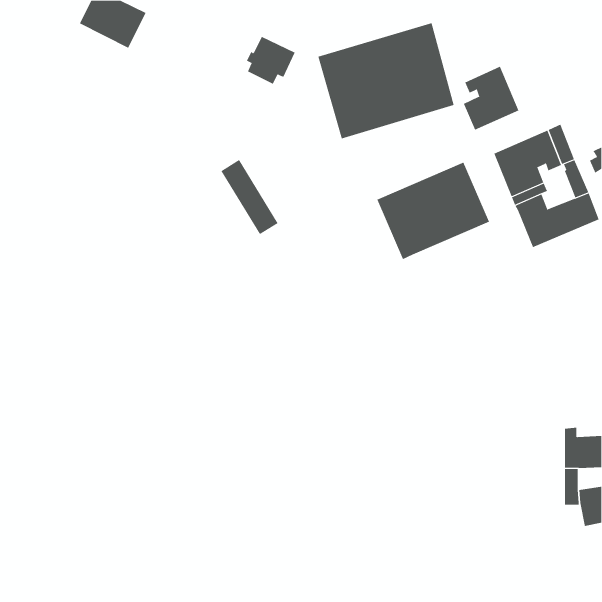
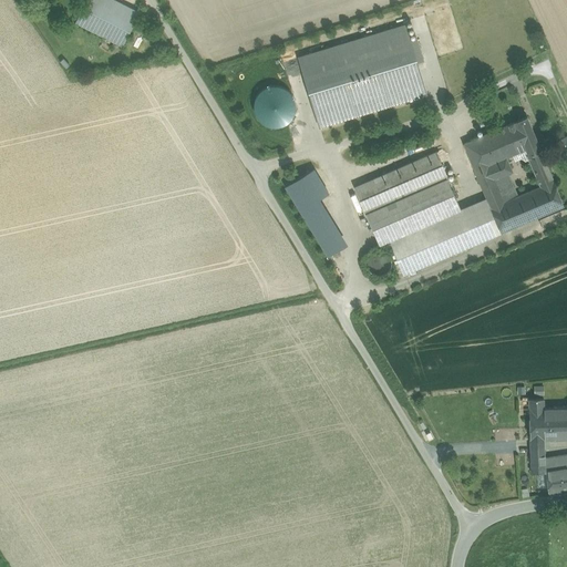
building: [246,36,296,85] -> [251,84,298,130]
building: [463,66,519,131] -> none
building: [221,159,278,235] -> [290,177,344,248]
building: none -> [388,198,499,275]

